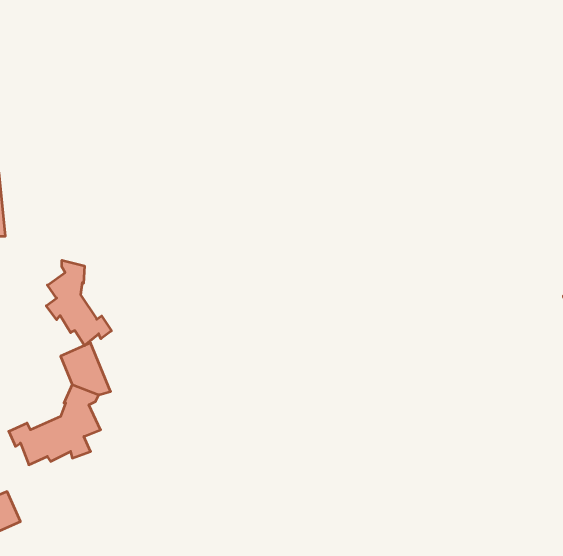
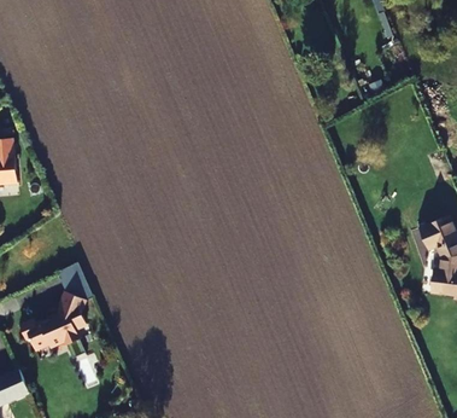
building: [46,260,111,346] -> none

